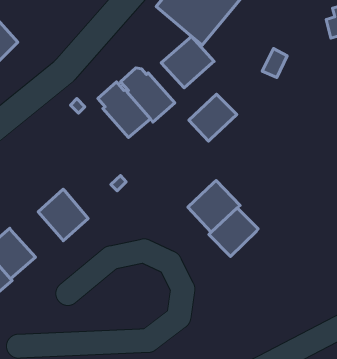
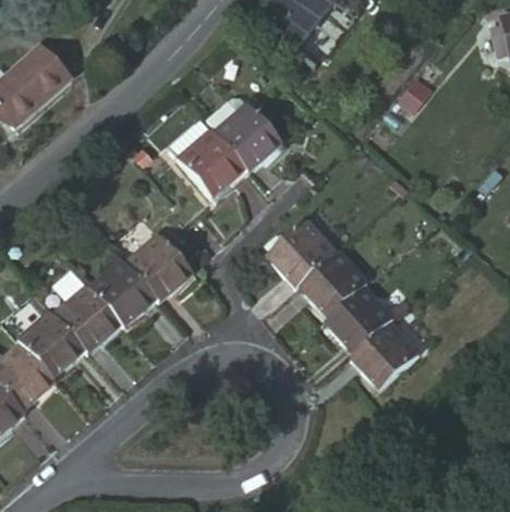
building: [161,36,214,88] -> none
building: [189,94,237,141] -> [266,223,330,287]
building: none -> [130,236,194,301]
building: none -> [58,285,125,354]
building: none -> [349,316,416,382]

